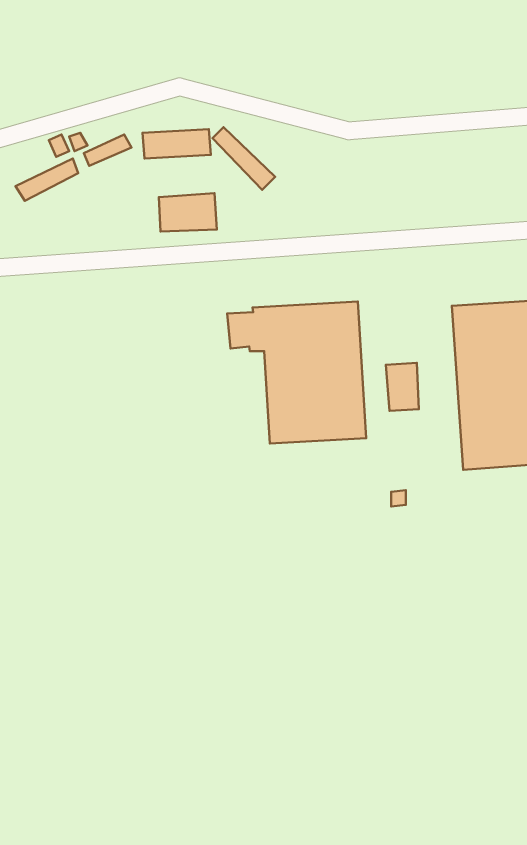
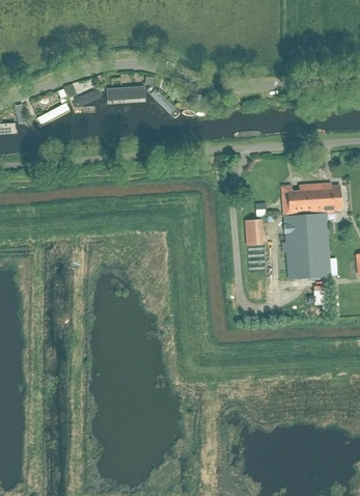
building: [159,193,217,231] -> none
building: [227,301,366,443] -> none

